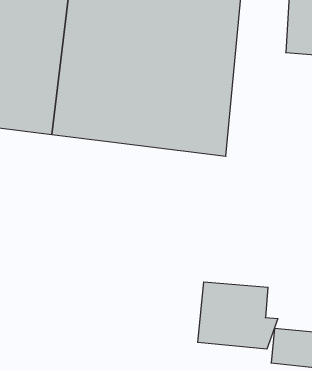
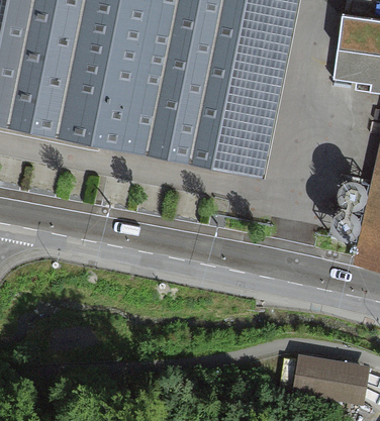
building: [198,282,278,349] -> none

